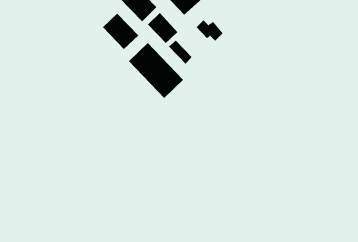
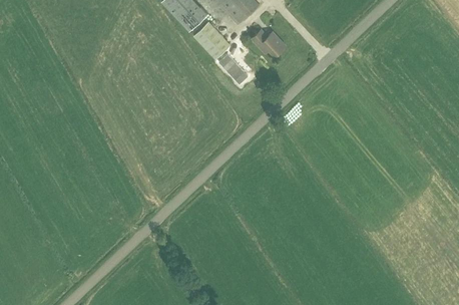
building: [102,13,139,50] -> none
building: [128,42,184,99] -> none

